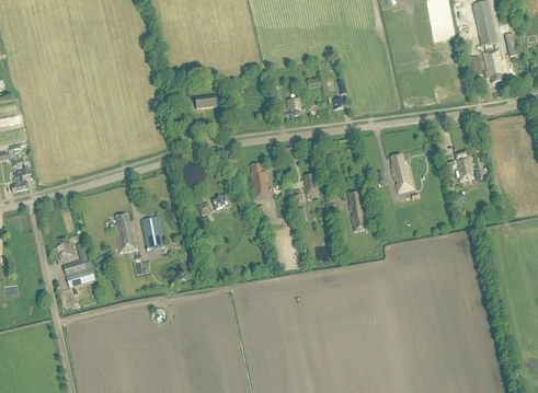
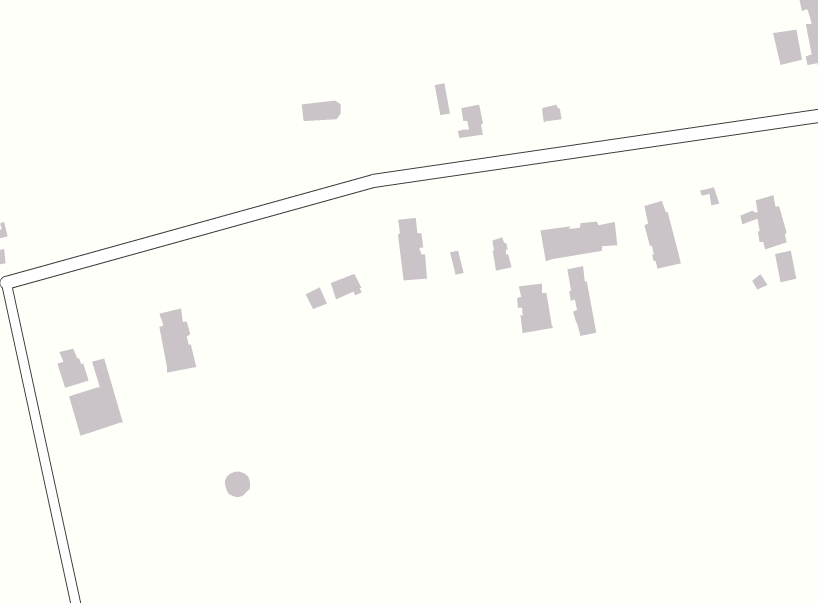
building: none -> [540,221,618,262]
building: none -> [517,283,554,334]
building: [140,216,164,247] -> none

